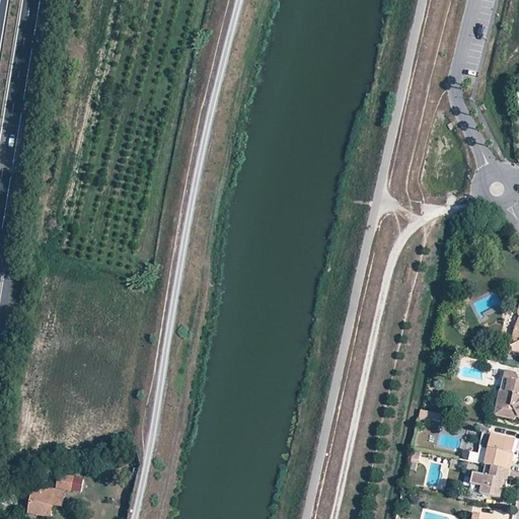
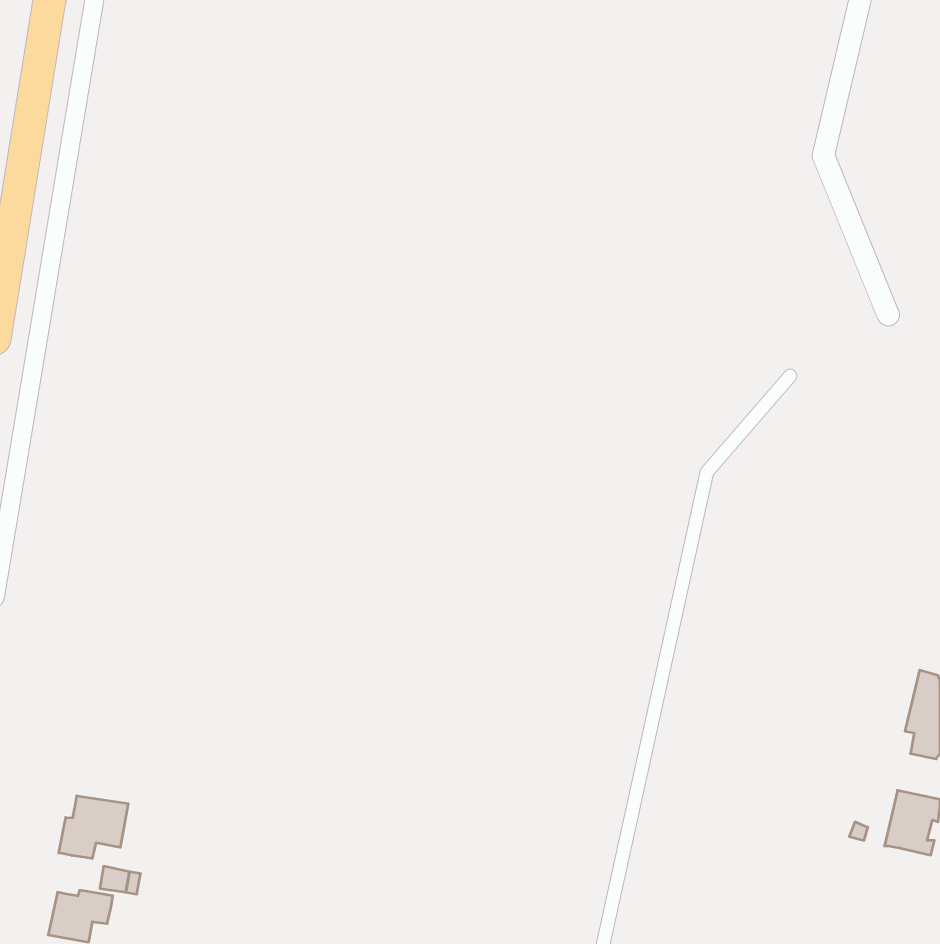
building: none -> [59,796,128,859]
building: [480,464,510,498] -> none

